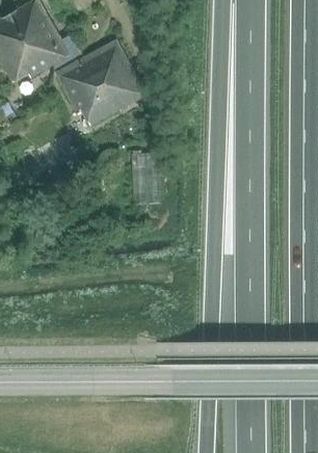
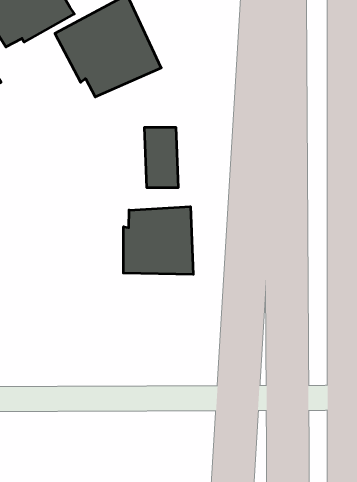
building: none -> [123,207,193,274]

